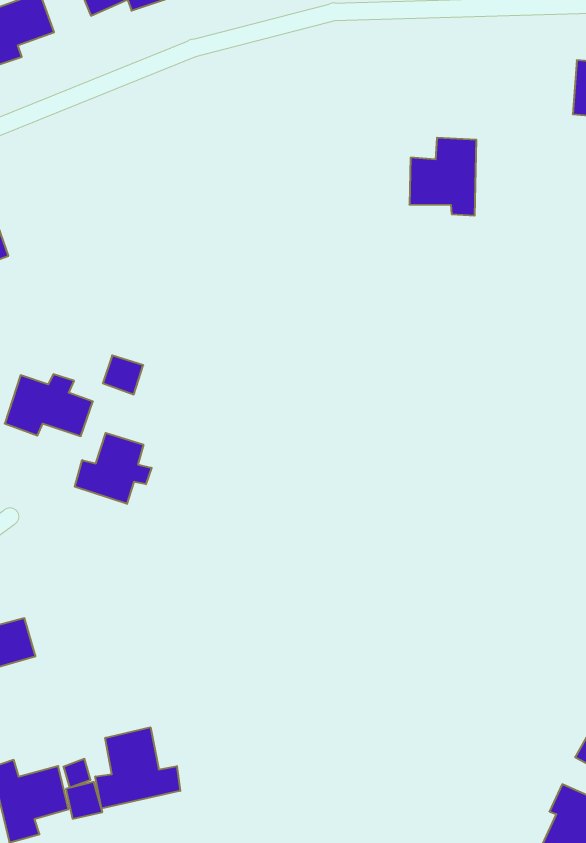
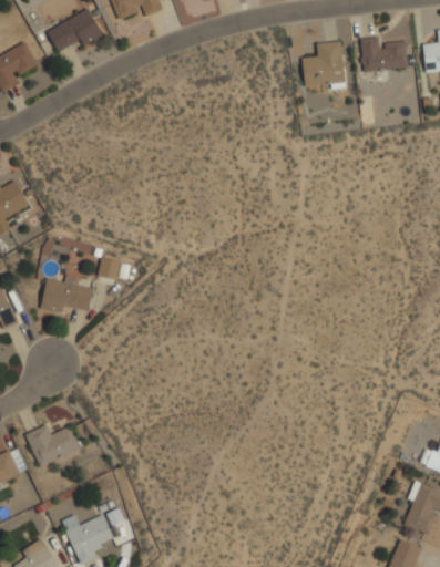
building: [409,138,476,216] -> [301,41,346,89]
building: [75,433,152,504] -> none
building: [95,727,180,809] -> none

